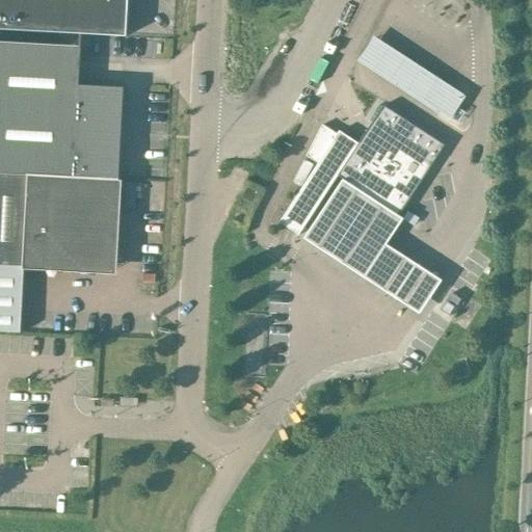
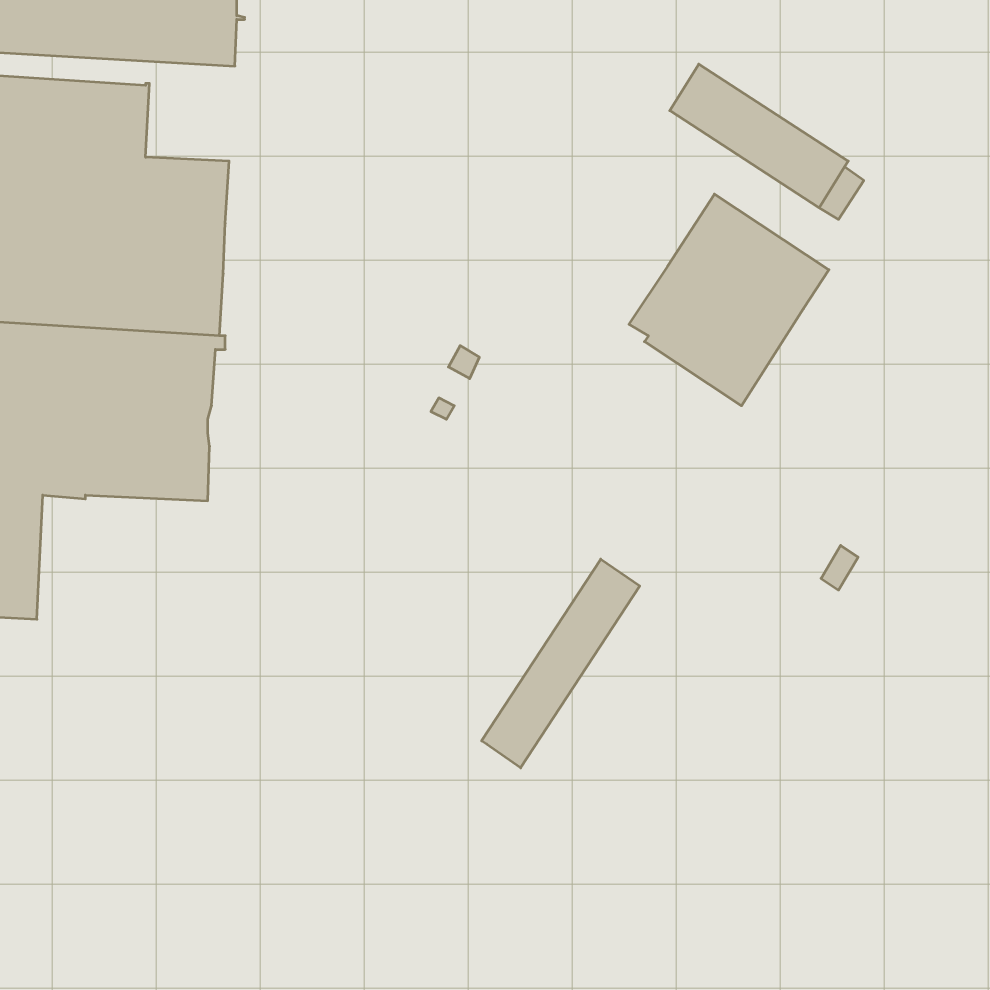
building: [278,123,357,234] -> none
building: [305,183,446,318] -> none
building: none -> [482,559,640,768]

